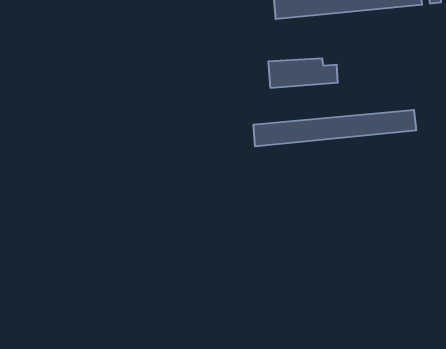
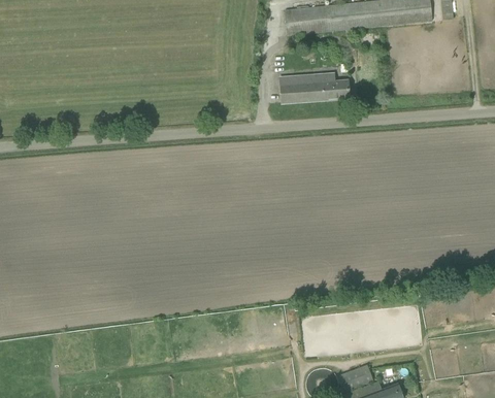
building: [254,110,416,146] -> none

